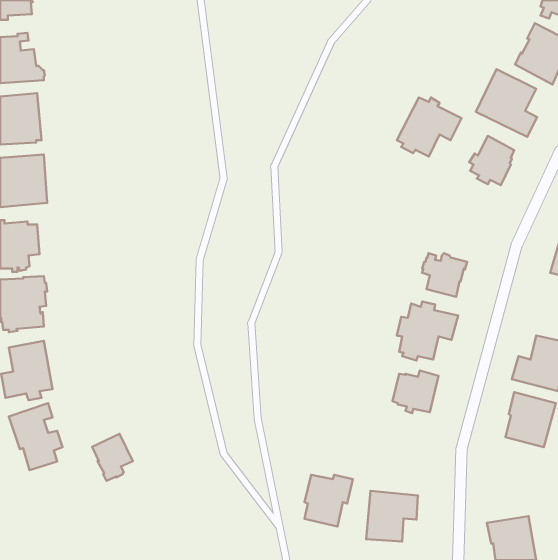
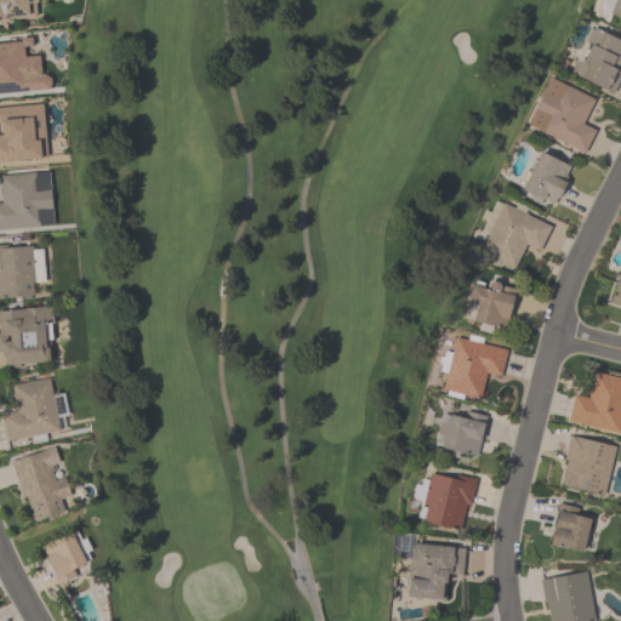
building: [397,97,462,157] -> [480,203,552,268]
building: [92,434,133,481] -> [42,532,87,585]
building: none -> [551,502,592,552]
building: [304,475,353,526] -> [425,473,478,530]

